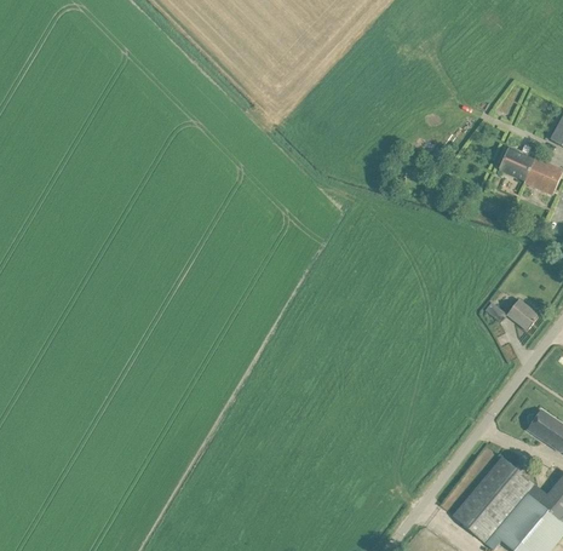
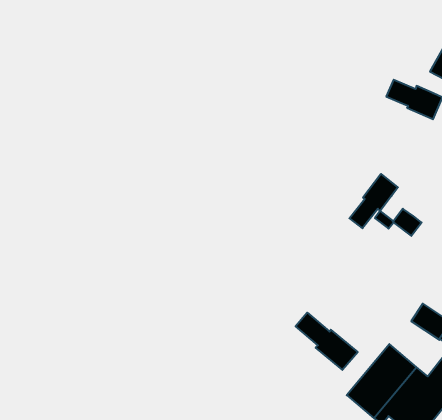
building: none -> [349,174,398,228]
building: none -> [296,313,358,370]

